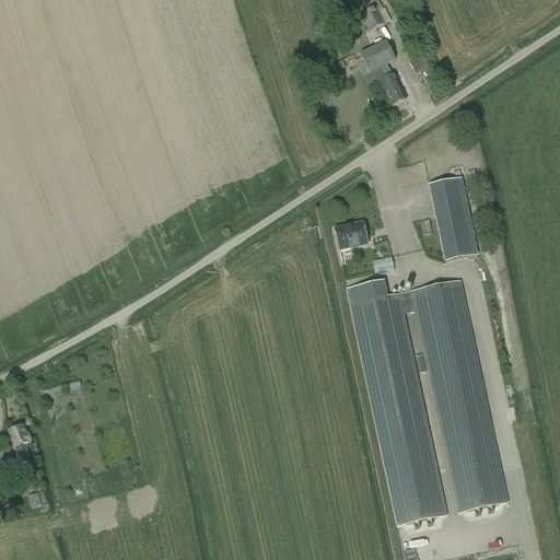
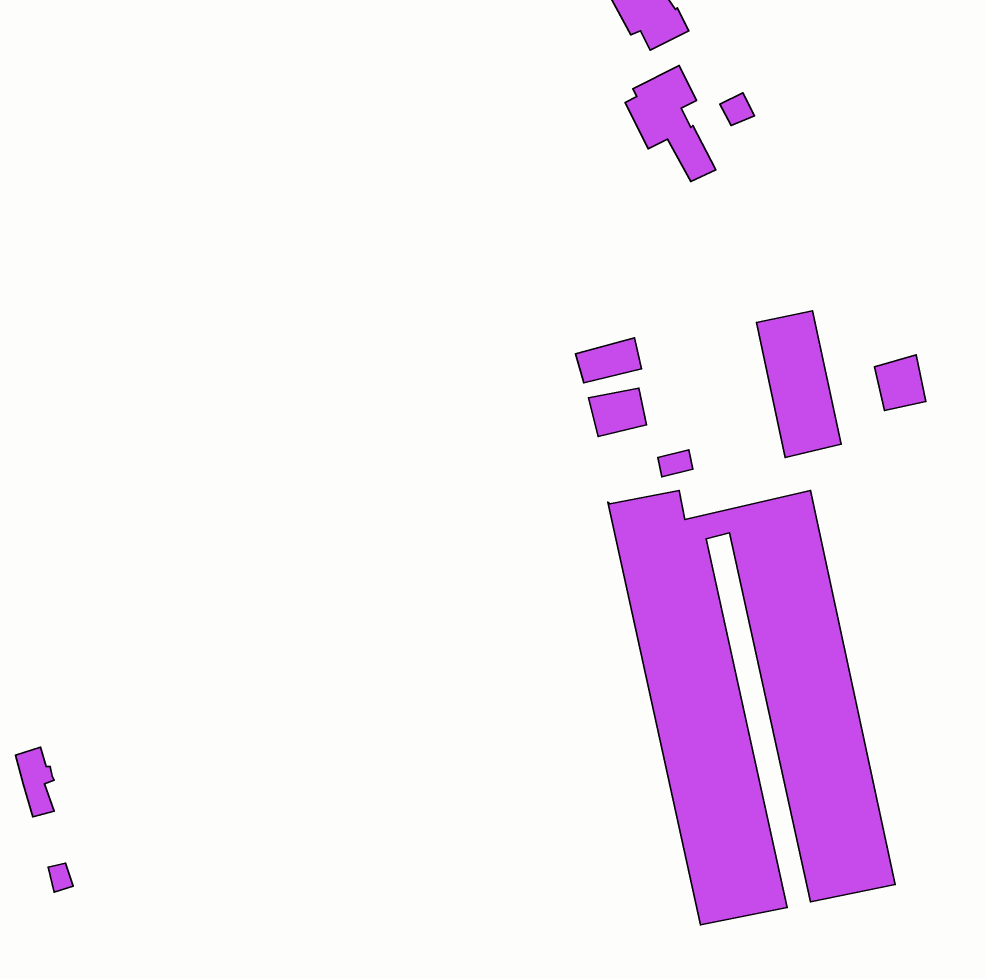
building: none -> [576,338,642,383]
building: none -> [874,355,926,410]

